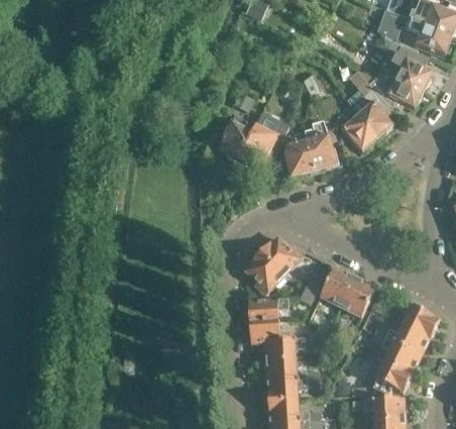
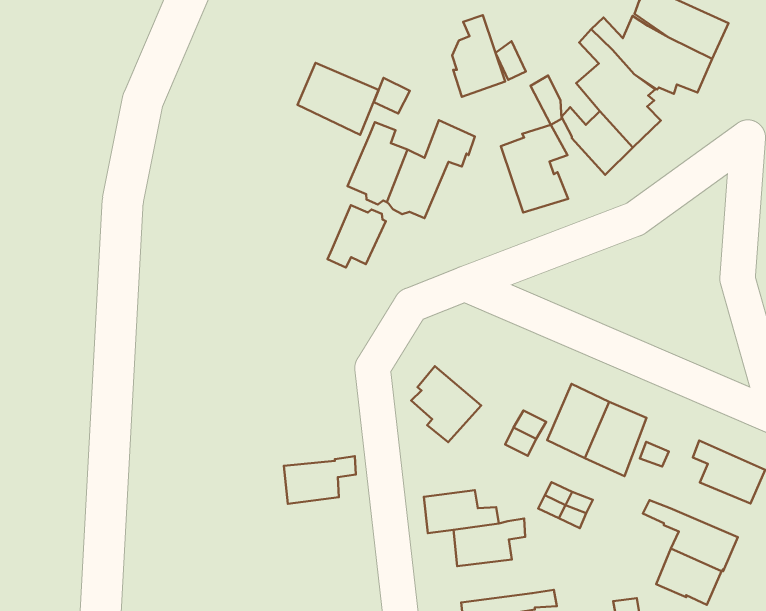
building: none -> [297,63,379,135]
building: [284,132,313,177] -> [452,15,505,97]
building: none -> [328,205,386,268]
building: [259,237,302,275] -> none
building: [248,299,288,323] -> [284,456,356,504]
building: [373,324,430,355] -> none
building: [265,360,318,383] -> none

